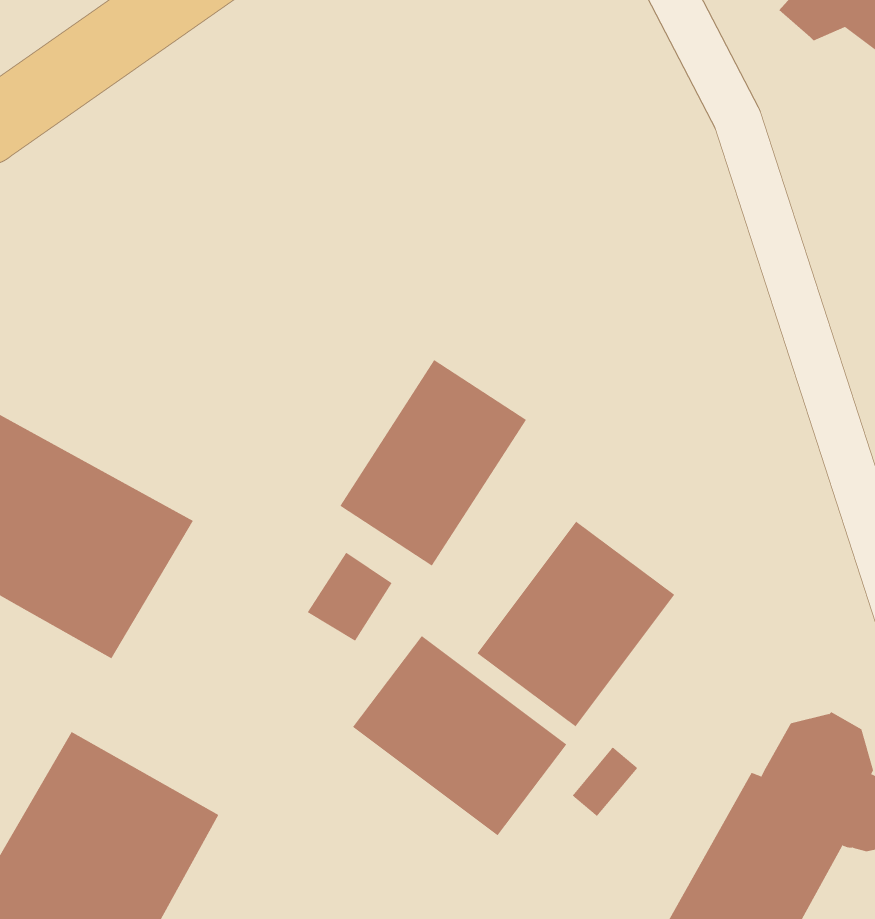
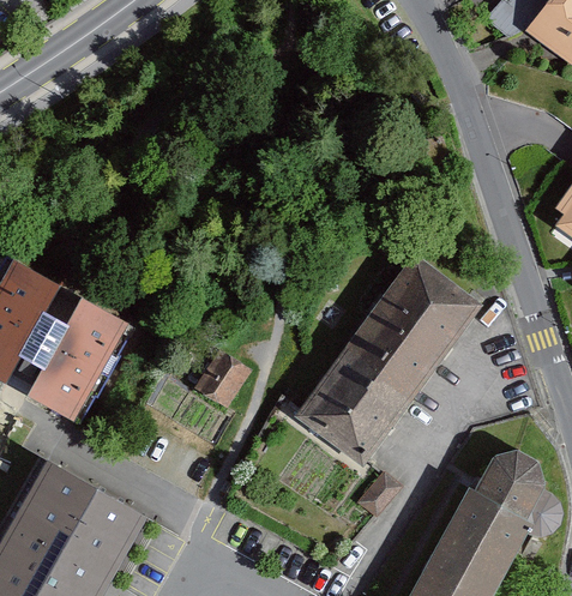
building: [339,359,527,566] -> none
building: none -> [362,261,476,378]
building: [352,635,567,836] -> none

